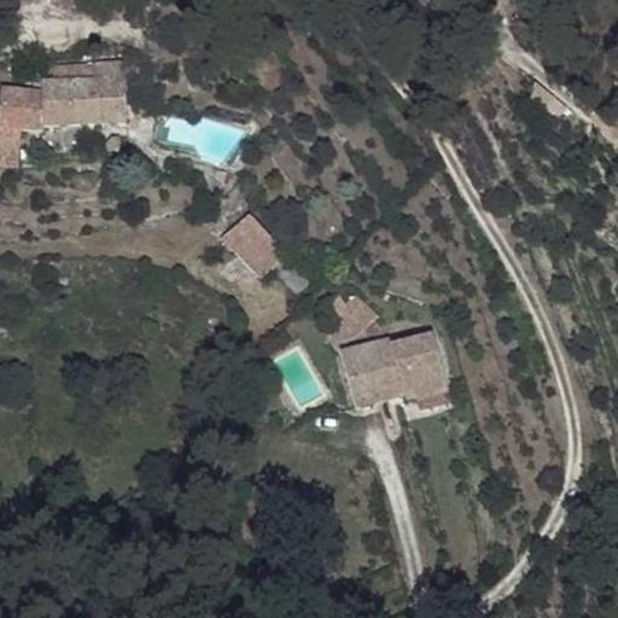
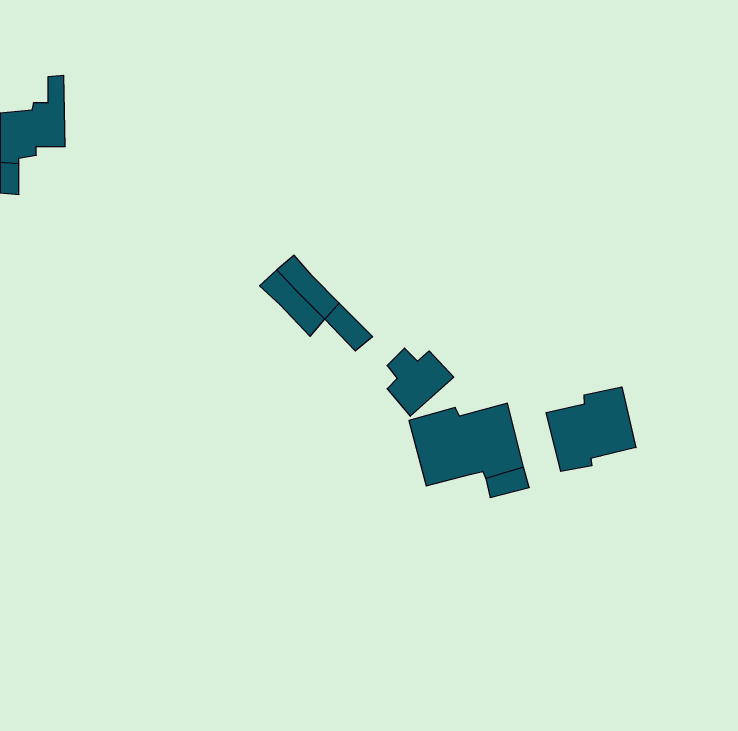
building: [56,62,116,122] -> none
building: none -> [546,387,636,471]

